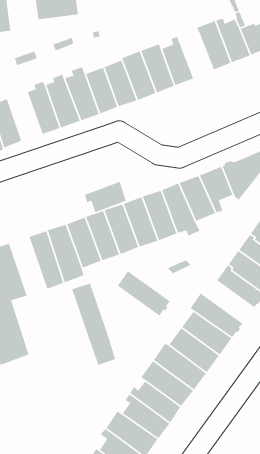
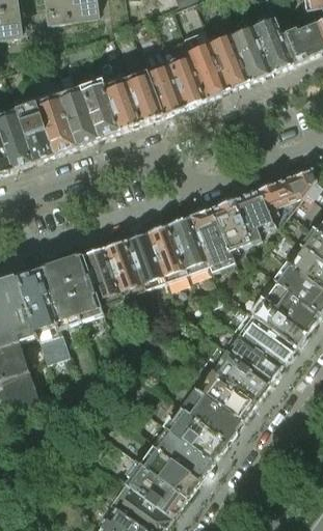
building: none -> [208,37,248,90]
building: none -> [14,104,54,161]
building: [84,181,127,213] -> none
building: [117,270,171,317] -> [234,314,295,367]
building: [71,283,116,366] -> [17,269,68,363]

